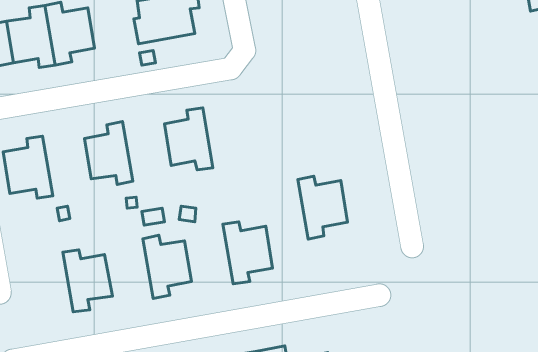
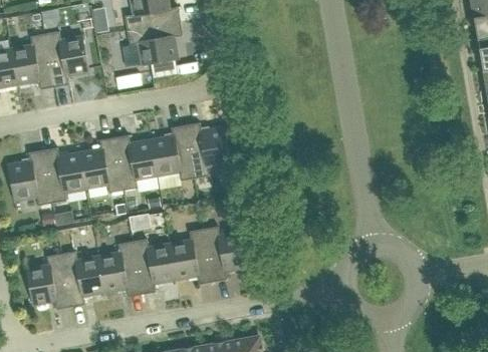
building: none -> [113,134,157,190]
building: none -> [42,146,85,203]
building: [298,176,348,239] -> [185,121,229,178]
building: none -> [169,228,212,284]
building: none -> [97,241,141,296]
building: none -> [25,253,69,309]

